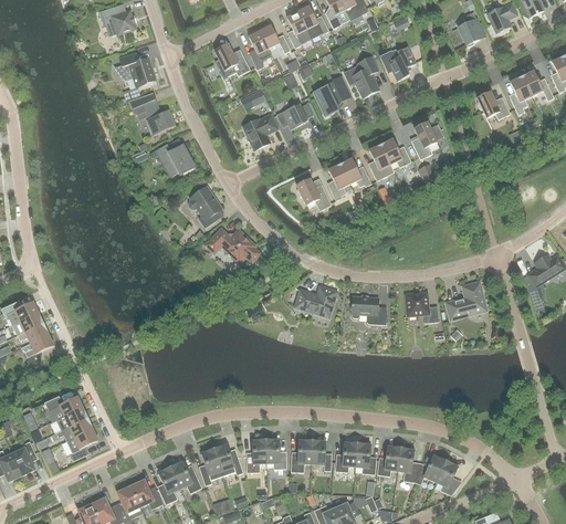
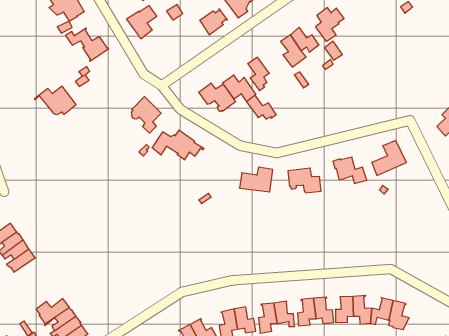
building: [243,114,277,149] -> [127,6,157,39]
building: [150,143,196,175] -> [35,86,76,115]
building: [340,157,371,186] -> [246,95,276,119]
building: none -> [199,83,236,112]

